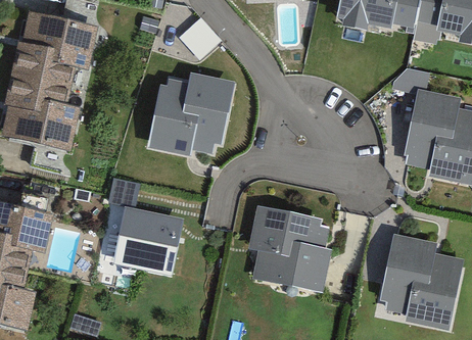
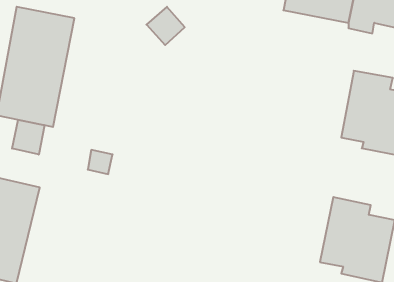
building: [146,72,232,157] -> none
building: none -> [12,120,45,155]
building: [245,205,329,291] -> none
building: [110,206,181,275] -> none

